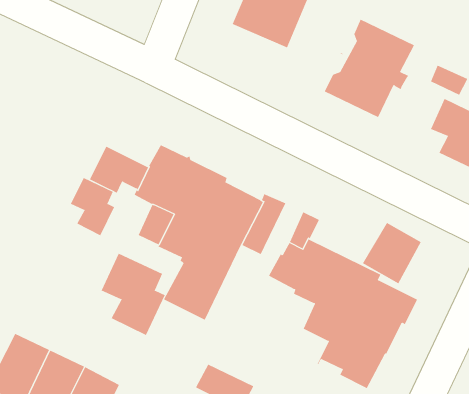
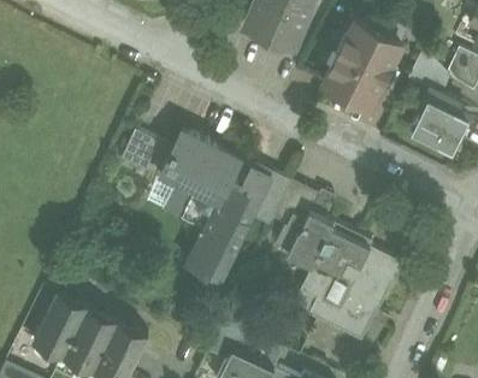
building: [70,177,115,236] -> none
building: [362,222,422,284] -> none
building: [101,253,165,336] -> none

